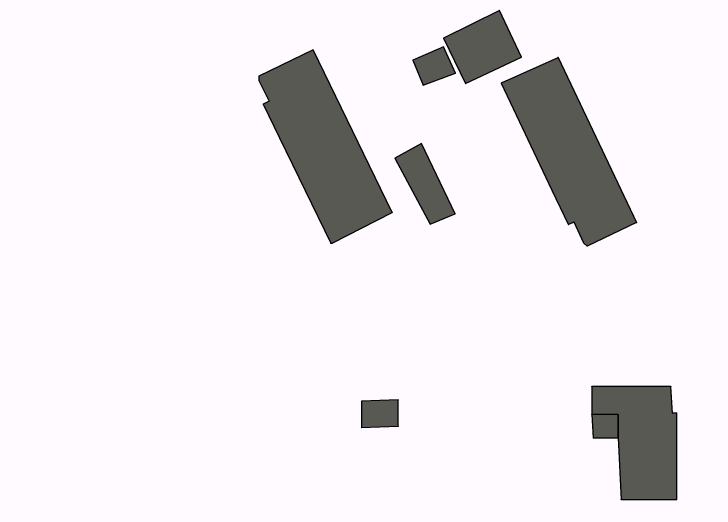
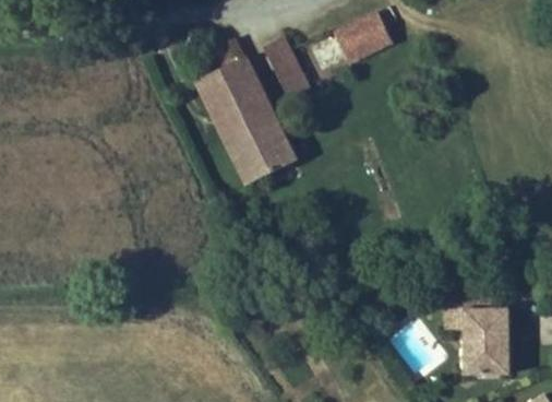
building: [501,57,637,246] -> none
building: [395,144,455,224] -> [266,38,311,98]

